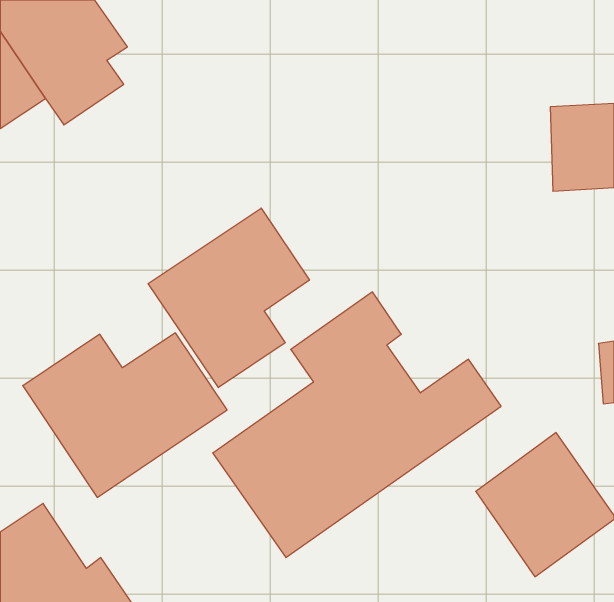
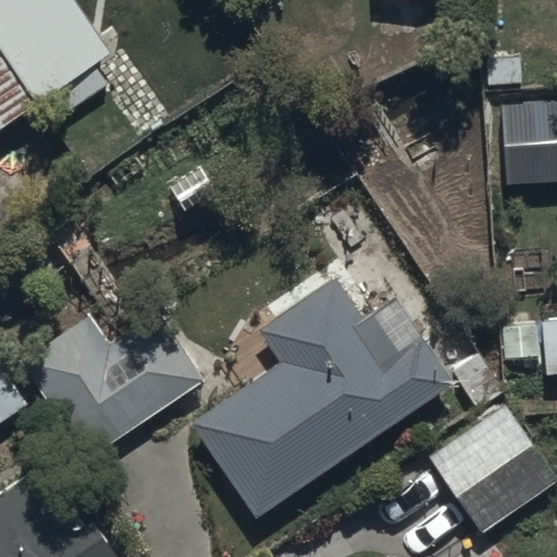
building: [148,208,309,388] -> none

